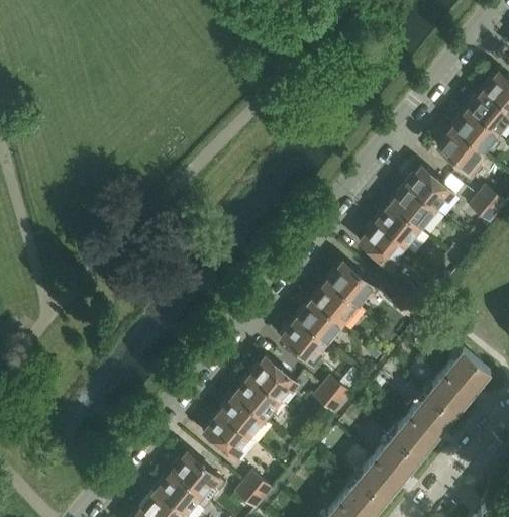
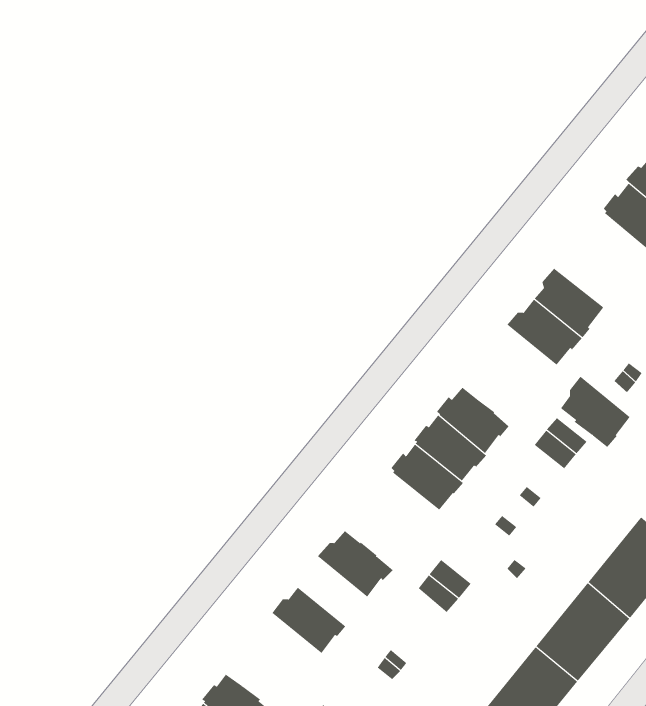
building: [403,167,452,210] -> none
building: [359,221,405,269] -> [560,376,630,448]
building: [280,319,328,365] -> none
building: [233,375,280,421] -> none
building: [202,412,249,458] -> none

